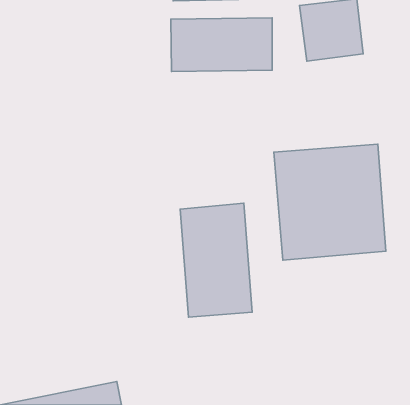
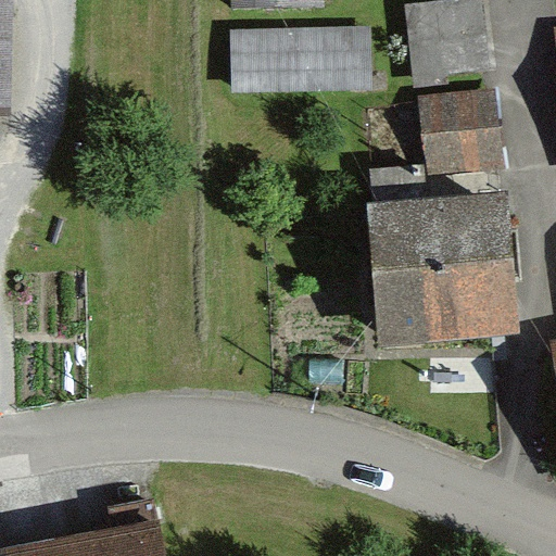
building: none -> [416,85,502,177]
building: [180,203,252,317] -> none

